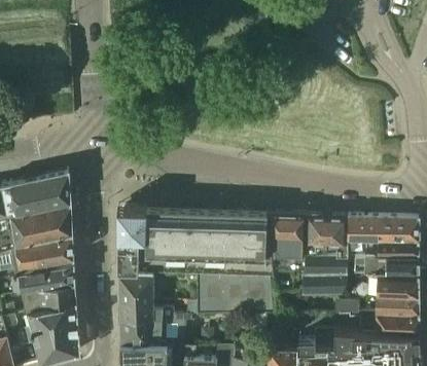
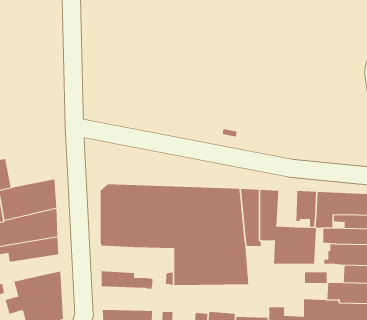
building: [17,172,70,213] -> none
building: [306,216,326,255] -> none
building: [117,274,154,303] -> none
building: [22,284,76,313] -> none
building: [118,318,185,344] -> none

